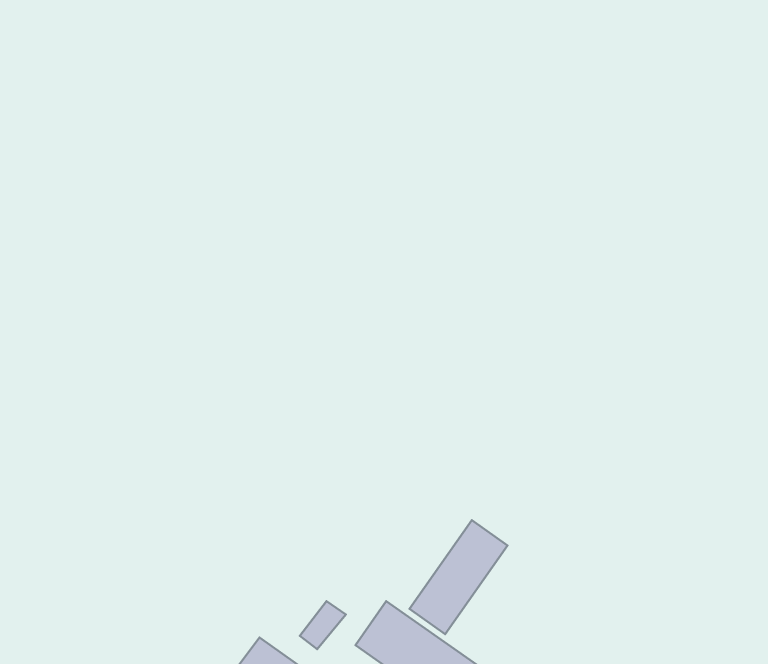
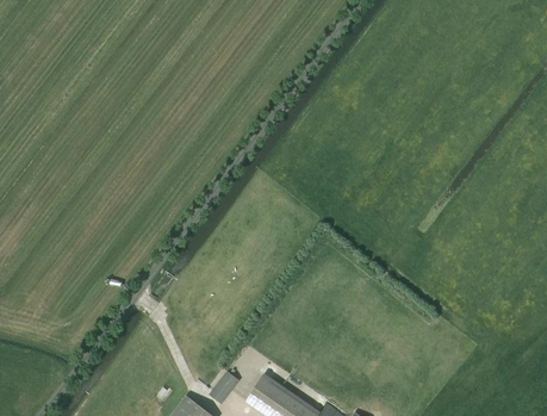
building: [409,520,508,634] -> none

